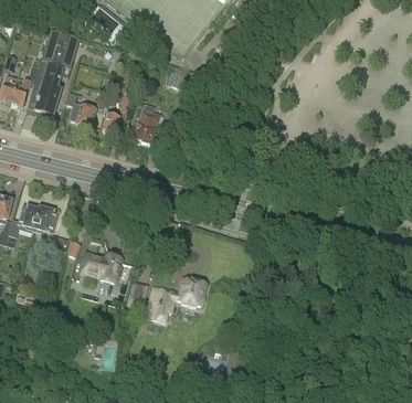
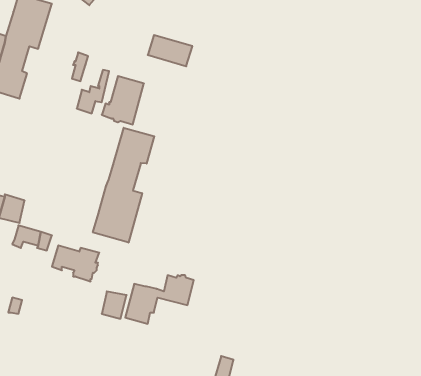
building: [66,92,97,125] -> none
building: none -> [93,128,154,243]

